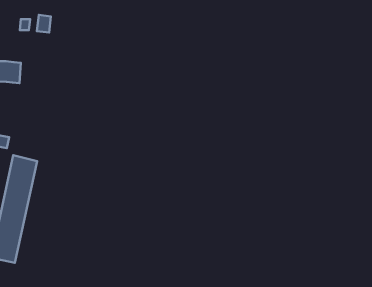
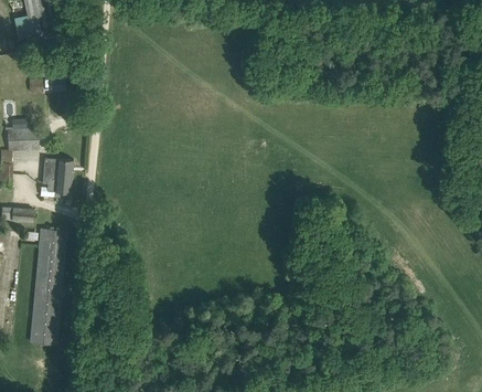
building: none -> [40,158,73,198]

